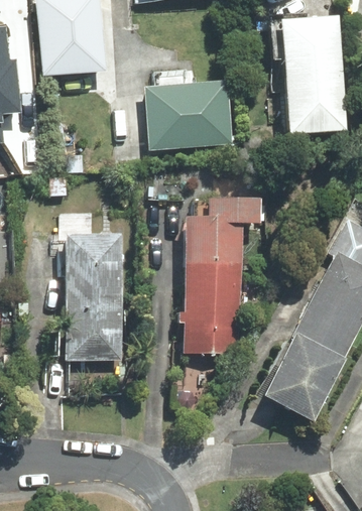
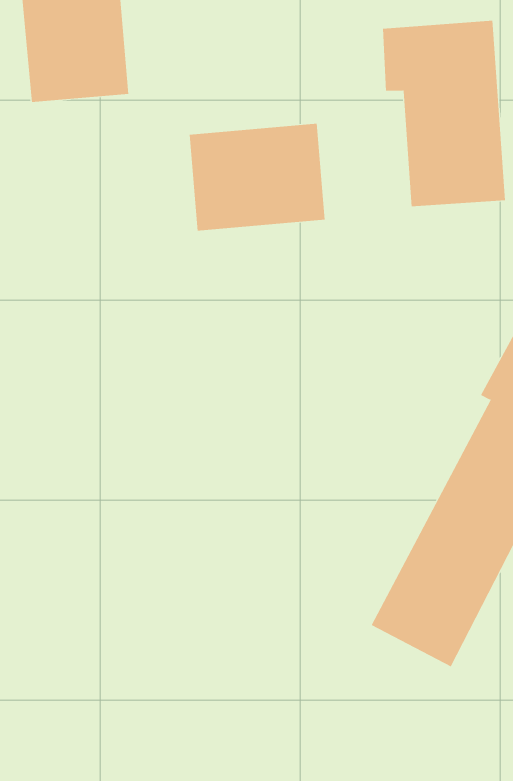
building: [183,200,250,352] -> none
building: [64,235,122,360] -> none

